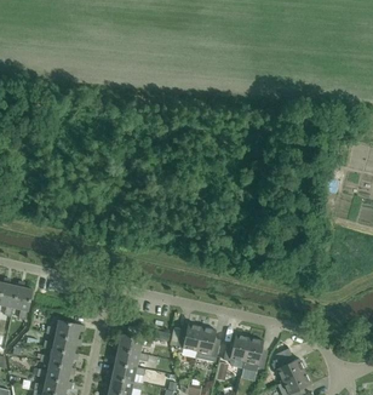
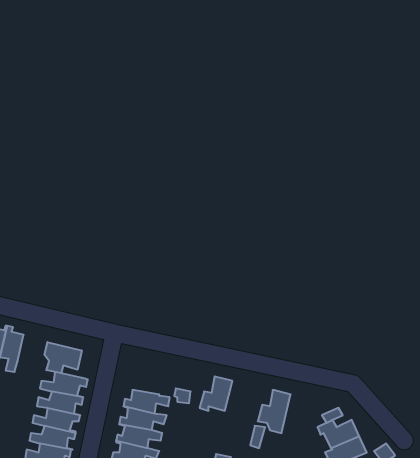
building: none -> [45,342,82,373]
building: [194,327,218,362] -> none
building: [241,338,265,372] -> none

